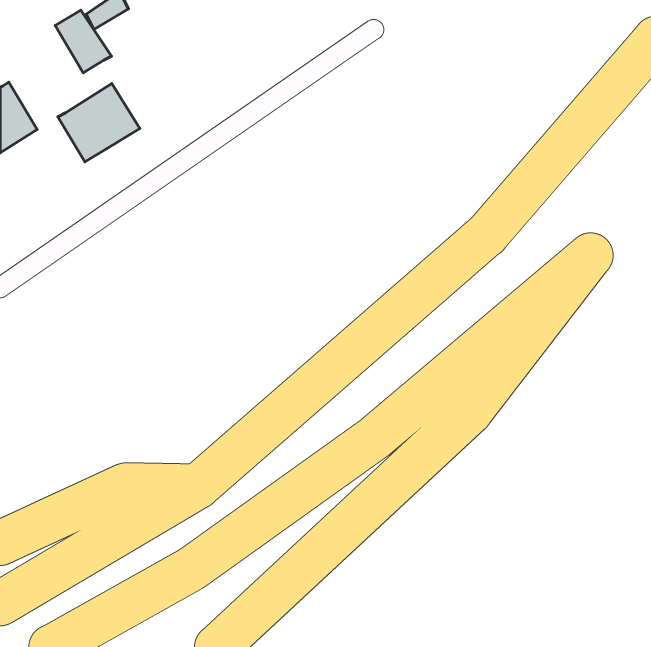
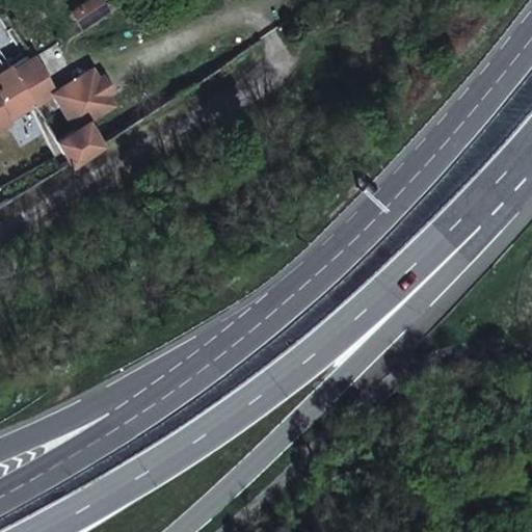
building: [55,10,112,73] -> [11,54,57,105]
building: none -> [60,121,104,160]

